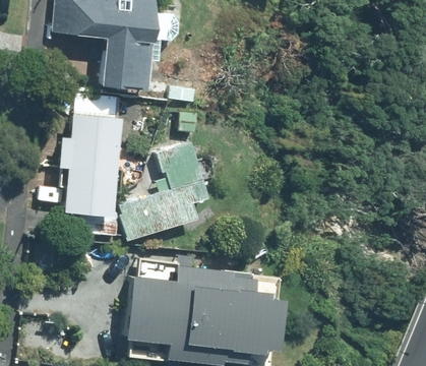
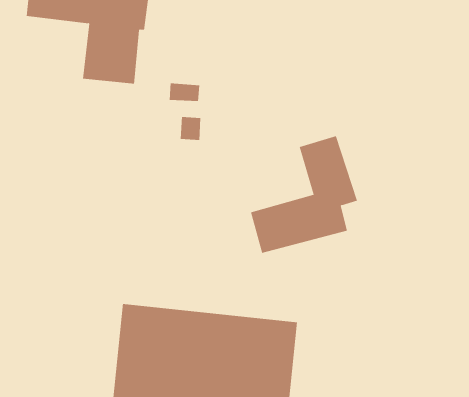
building: [63,115,120,215] -> none
building: [119,144,206,240] -> [250,136,358,253]

